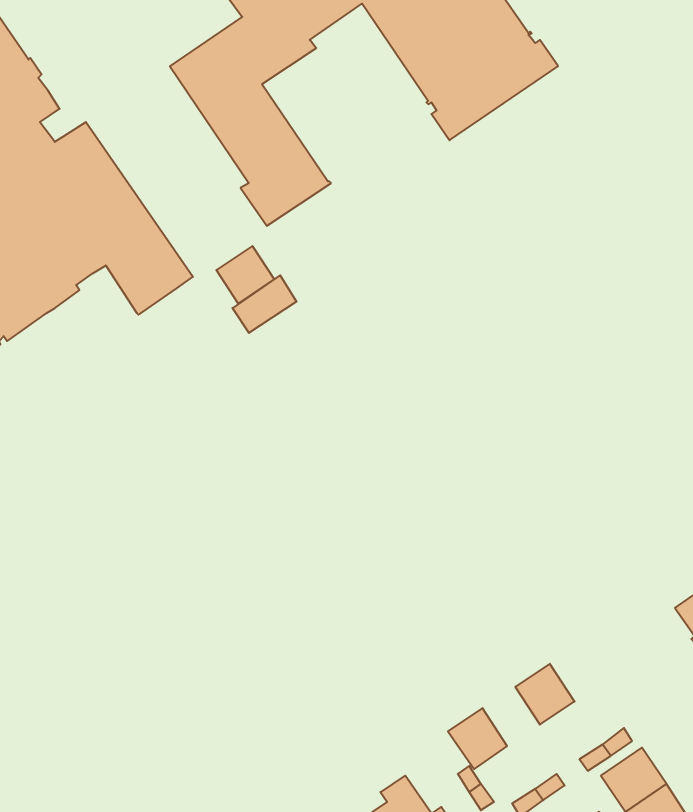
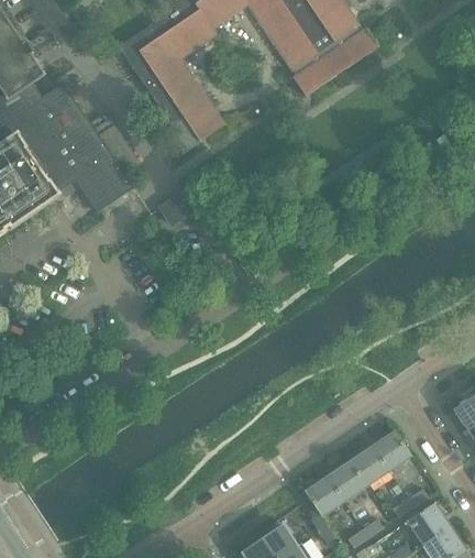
building: [216,246,274,303] -> none
building: none -> [373,429,411,470]
building: none -> [328,460,366,500]

